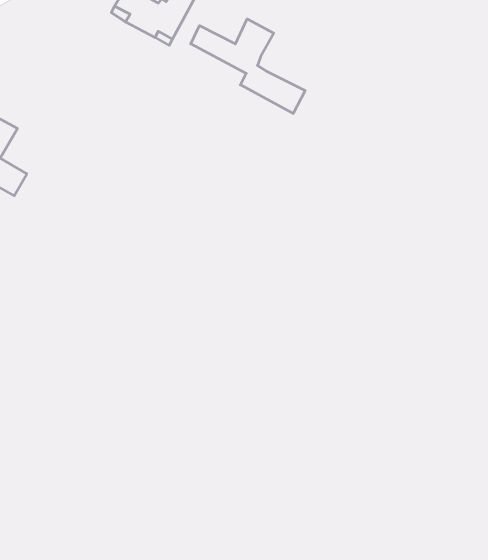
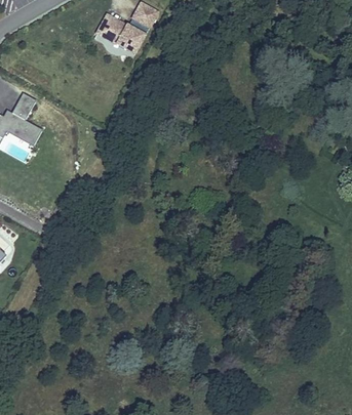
building: [191,19,305,113] -> none

